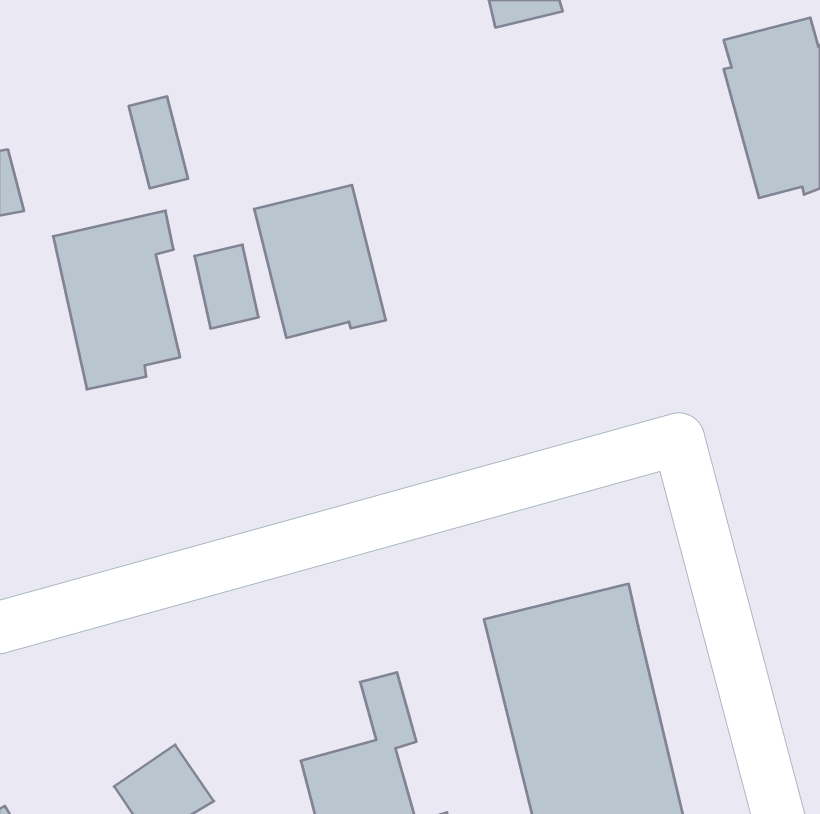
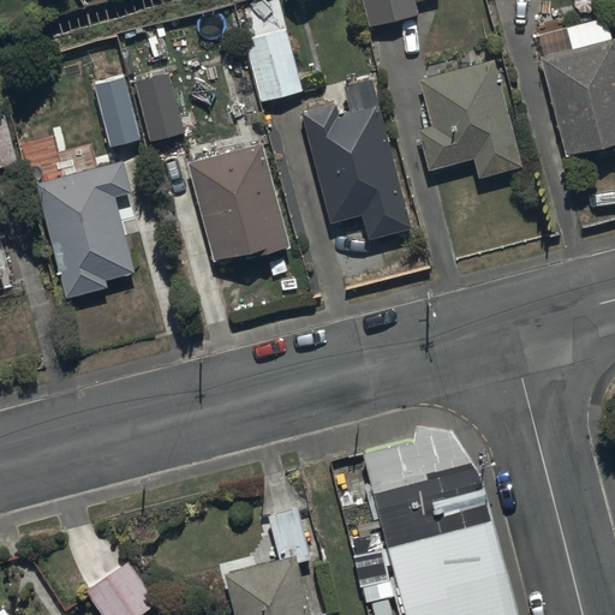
building: none -> [244,30,303,102]
building: none -> [419,62,520,177]
building: none -> [301,103,411,239]
building: [194,245,259,328] -> [136,80,184,143]

